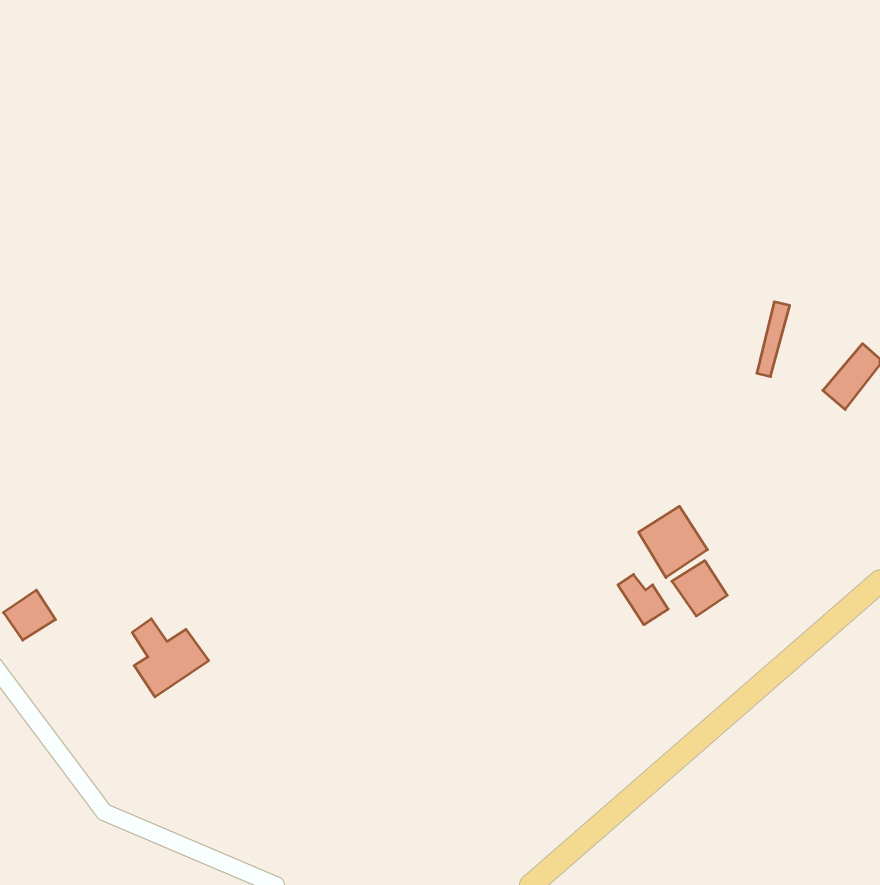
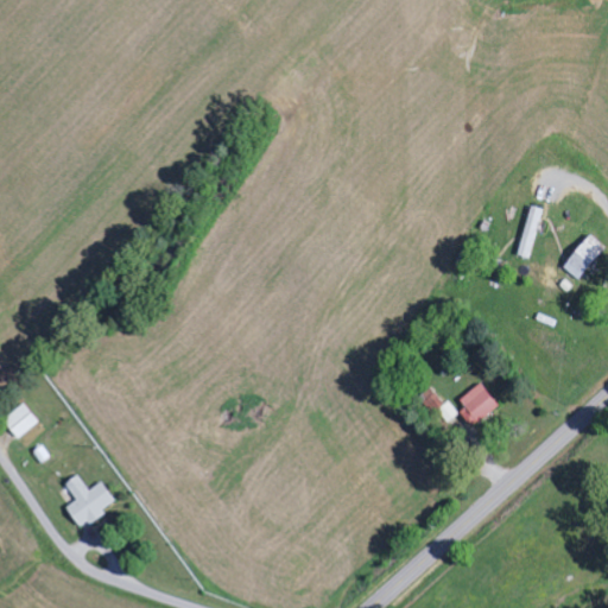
building: [639,506,708,578] -> none
building: [132,619,209,697] -> [64,475,116,528]

